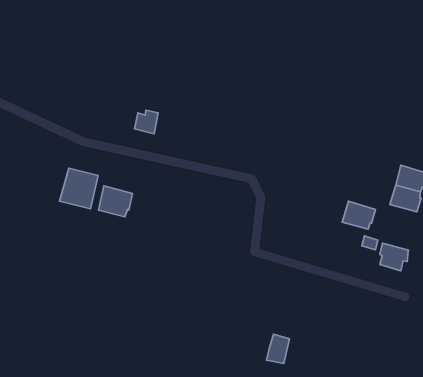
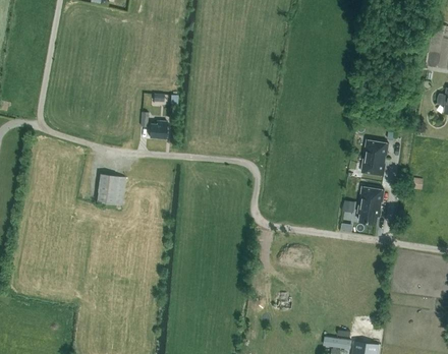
building: [99,186,132,217] -> none
building: [342,201,376,229] -> [359,187,385,208]

